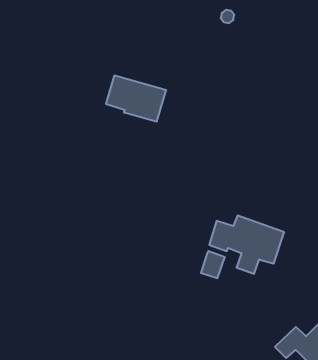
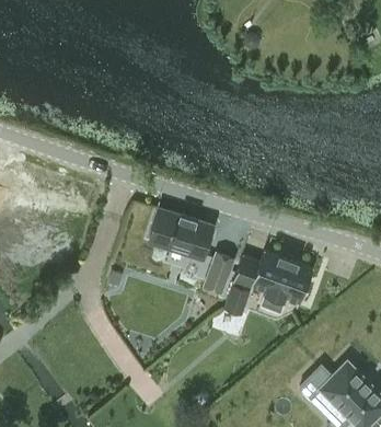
building: [106,76,166,121] -> [147,212,210,261]
building: none -> [203,255,232,295]

